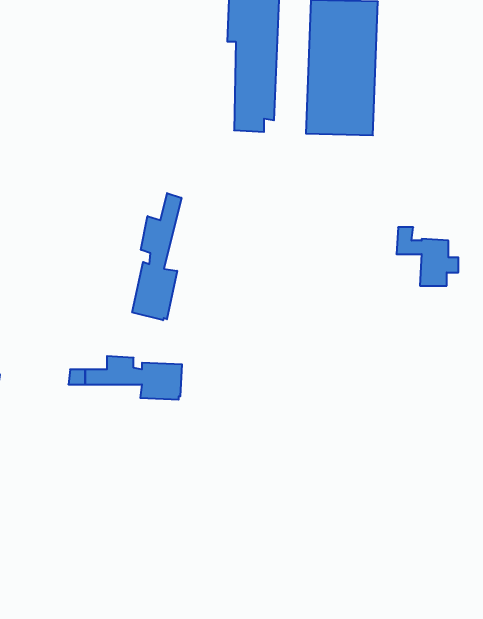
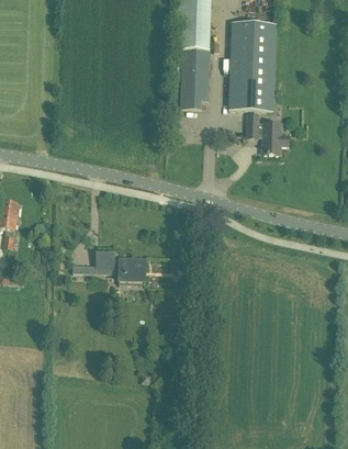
building: [132,193,181,320] -> none
building: [396,227,458,286] -> [247,113,288,151]

